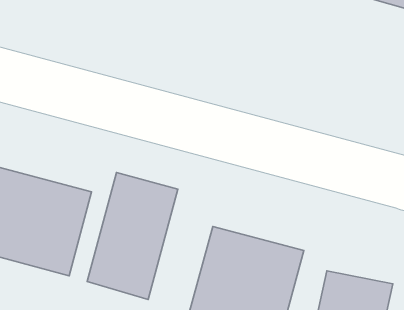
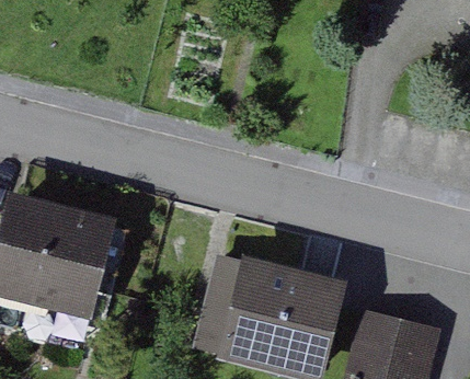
building: [87,172,178,300] -> none

